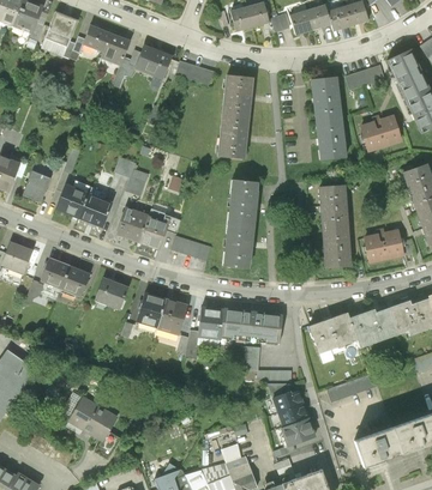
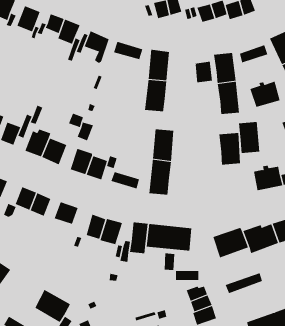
building: none -> [194,61,213,83]
building: [322,225,352,268] -> [238,122,260,153]

